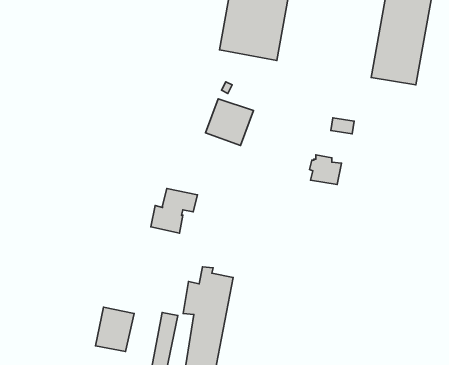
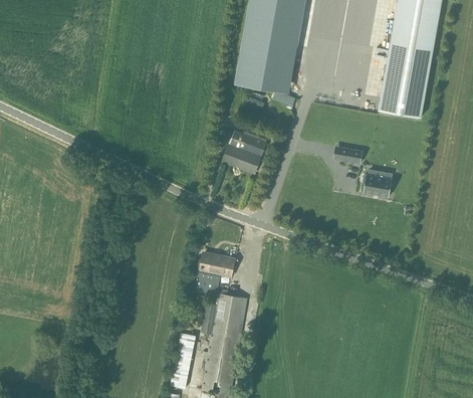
building: [310,155,341,185] -> [362,170,392,198]
building: [151,188,198,233] -> [189,254,233,296]
building: [96,307,134,352] -> none

